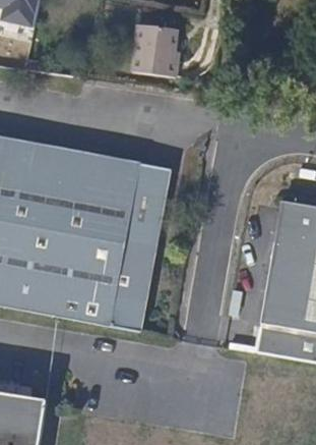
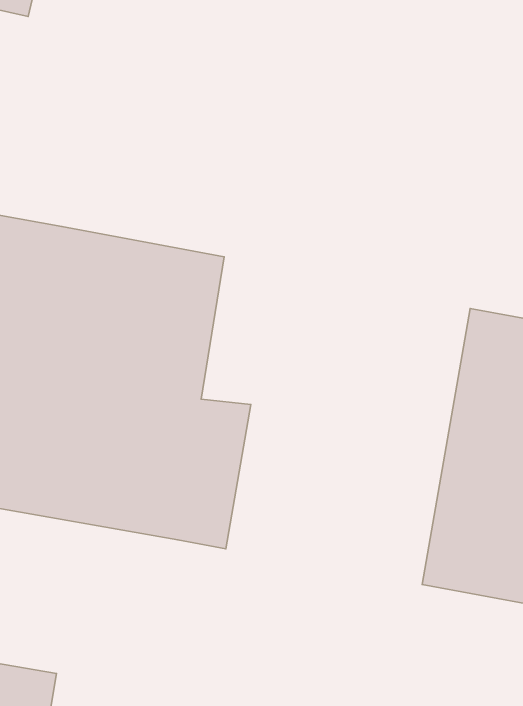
building: [132,25,178,75] -> none
building: [129,165,171,249] -> none

